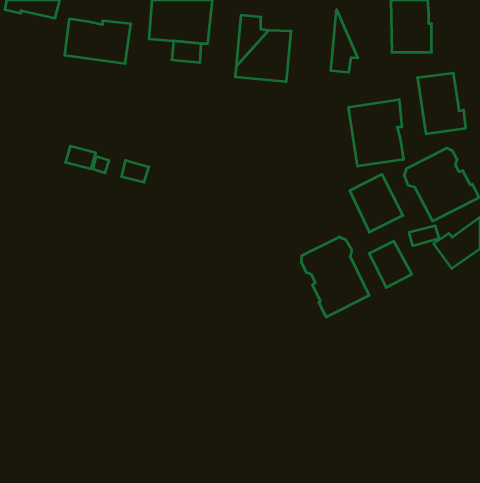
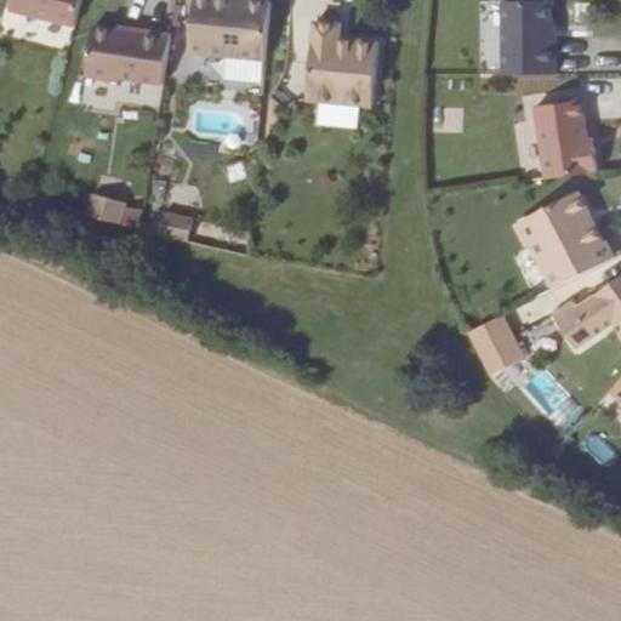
building: [331,10,358,72] -> none
building: [349,99,403,166] -> none
building: [350,174,403,232] -> none
building: [301,237,369,317] -> none

